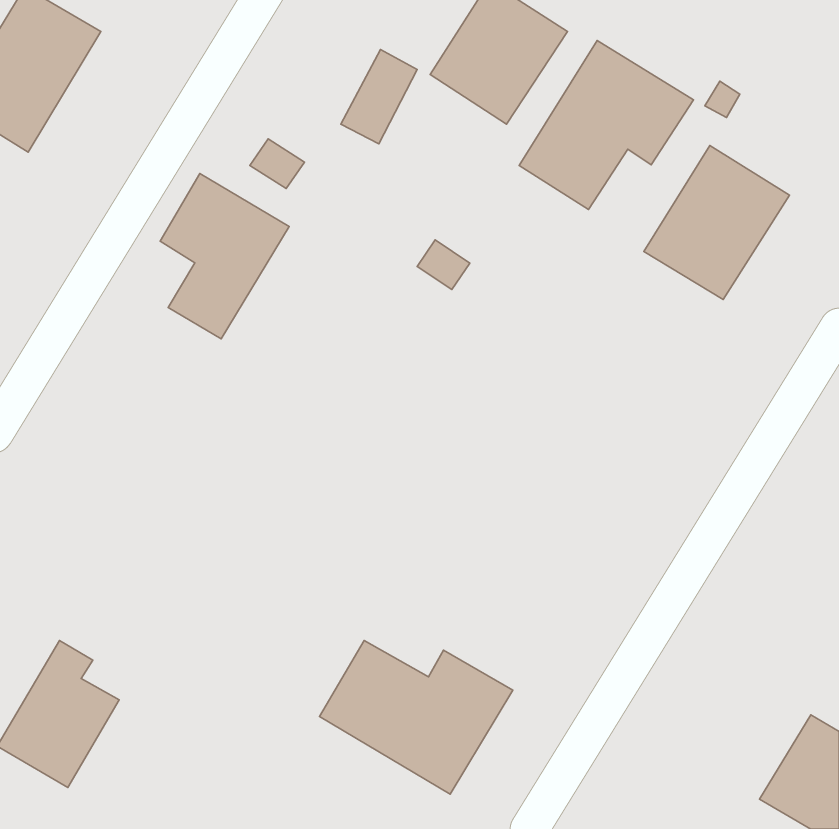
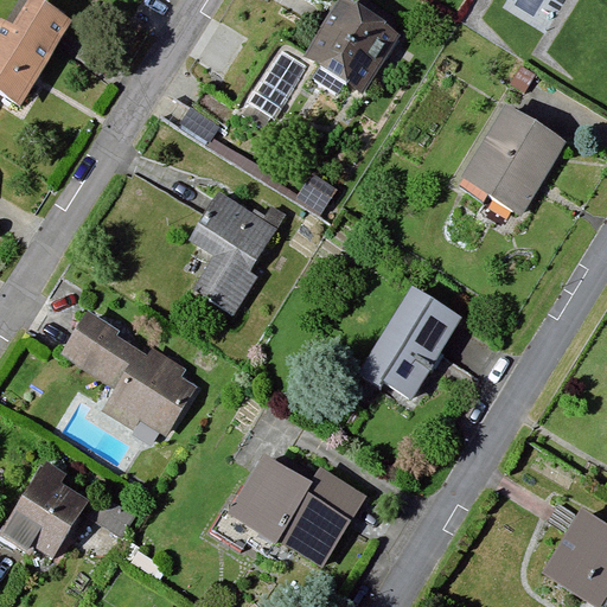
building: [519,40,694,209] -> none
building: [160,173,289,339] -> [186,190,279,308]
building: none -> [360,289,460,403]
building: none -> [68,317,190,428]

